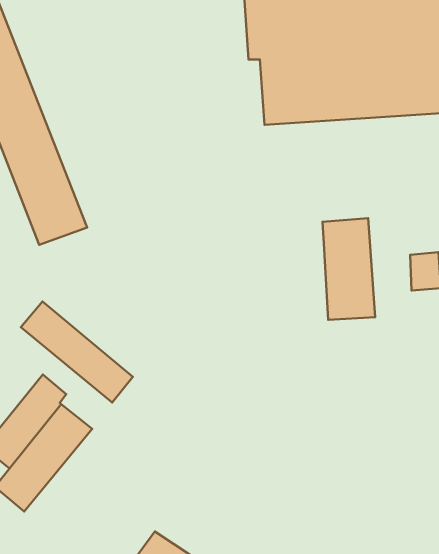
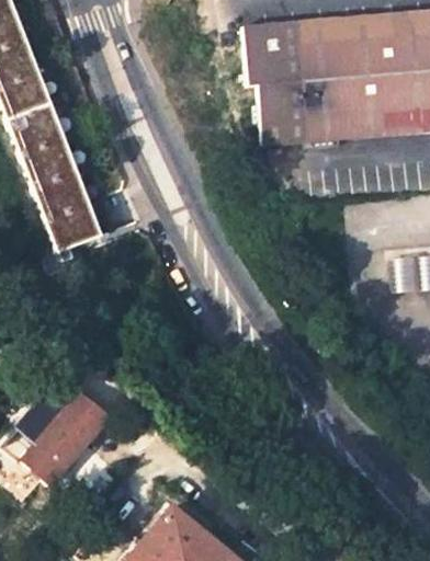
building: [323,218,375,320] -> none
building: [21,302,133,403] -> none

